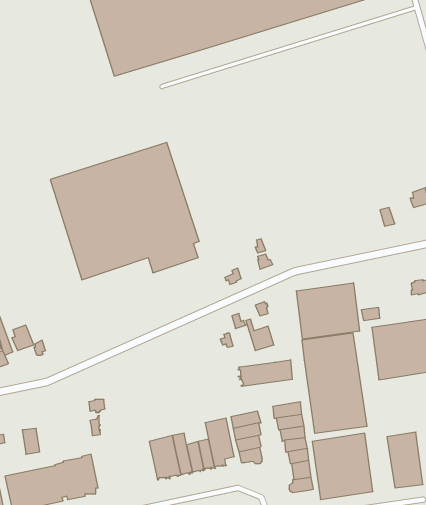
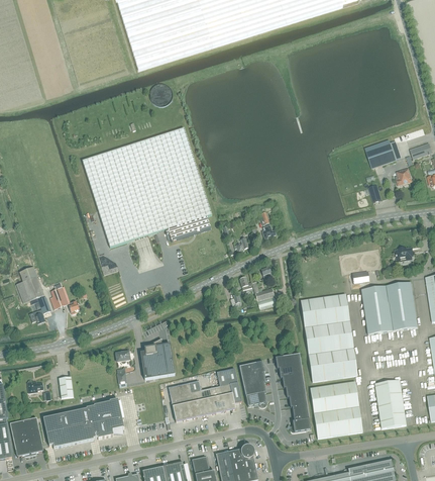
building: none -> [365,138,396,168]
building: [296,283,359,339] -> none
building: [238,360,292,386] -> none
building: none -> [140,339,175,378]

